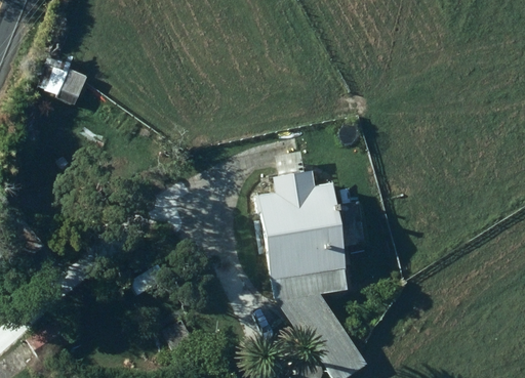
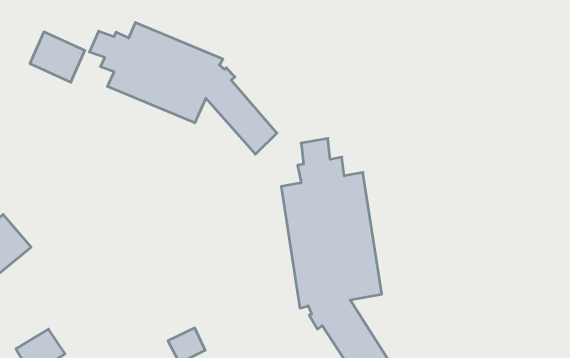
building: none -> [89,22,277,154]

